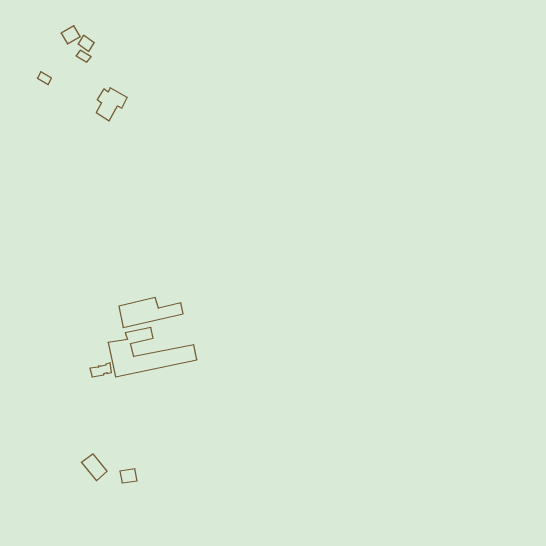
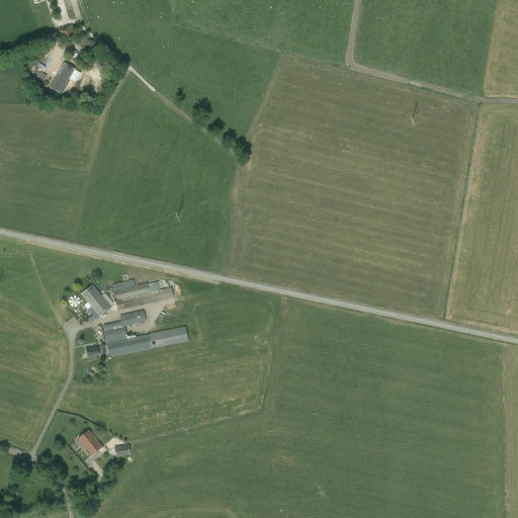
building: [96,88,127,121] -> [50,62,79,93]
building: none -> [81,284,111,319]

